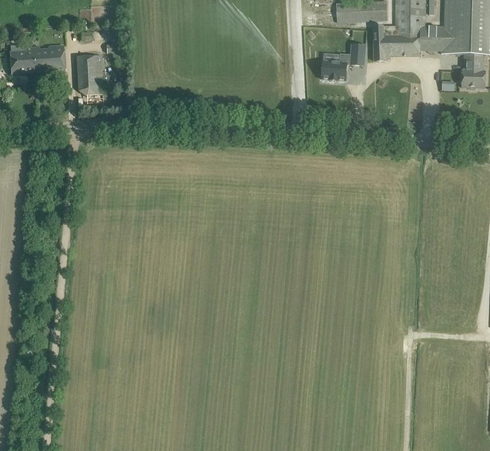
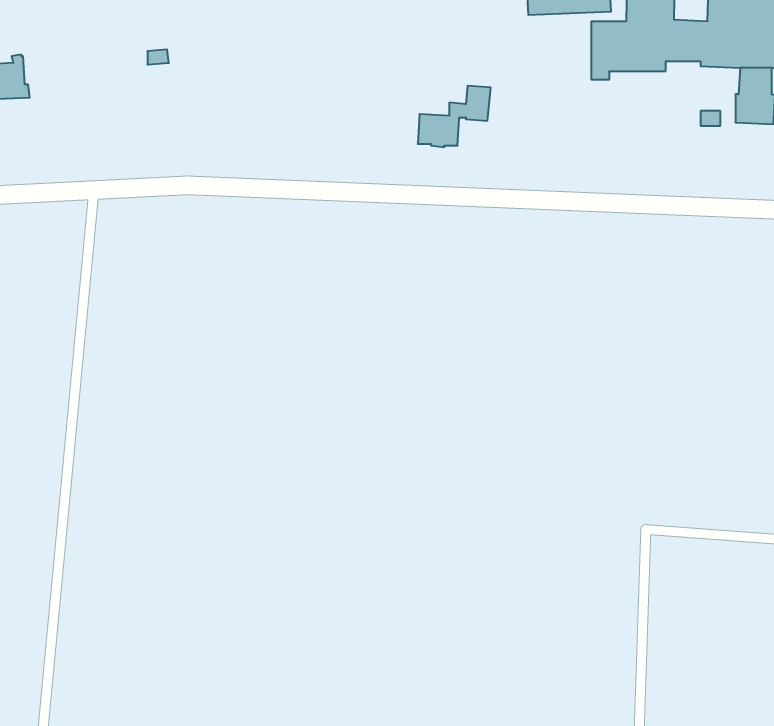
building: [322,43,366,80] -> [418,86,491,147]
building: [32,44,65,71] -> none
building: [76,54,103,93] -> none

